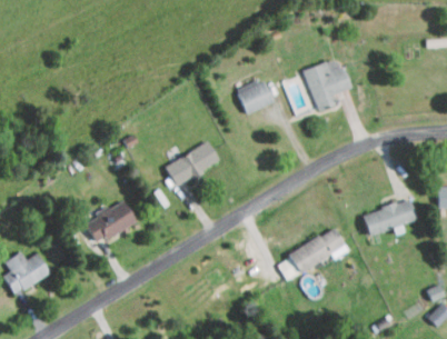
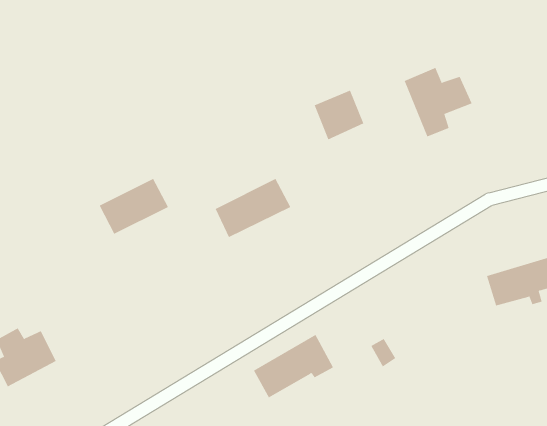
building: [86,201,137,242] -> [99,178,169,234]
building: [290,227,349,273] -> [253,334,334,398]

